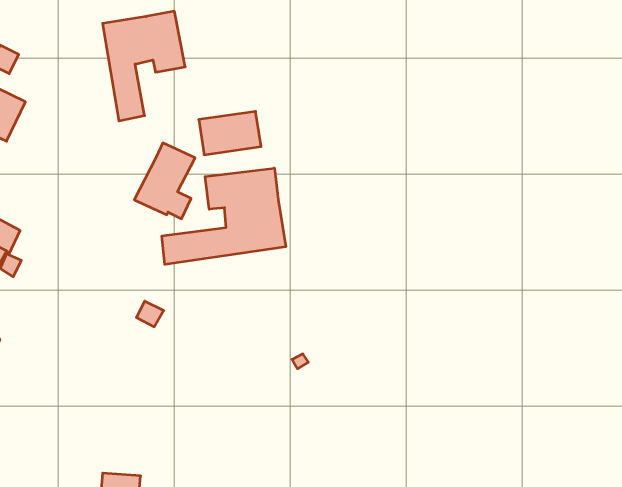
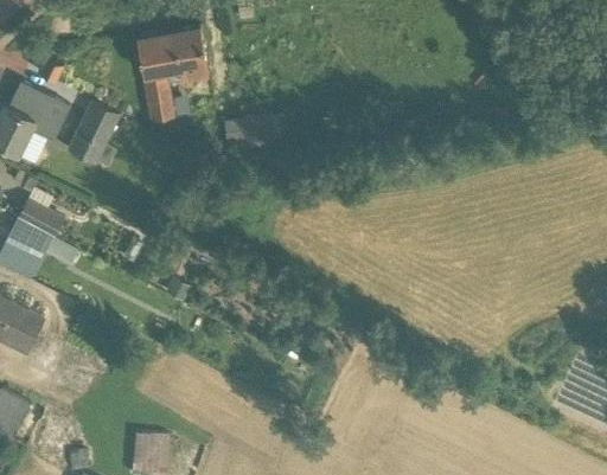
building: [134,143,195,219] -> [65,102,119,168]
building: [162,168,286,264] -> none

